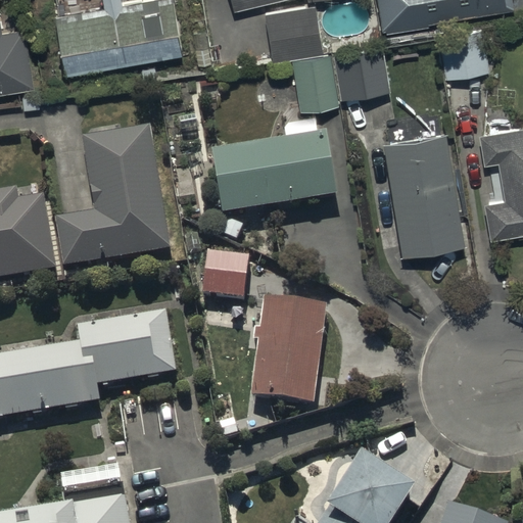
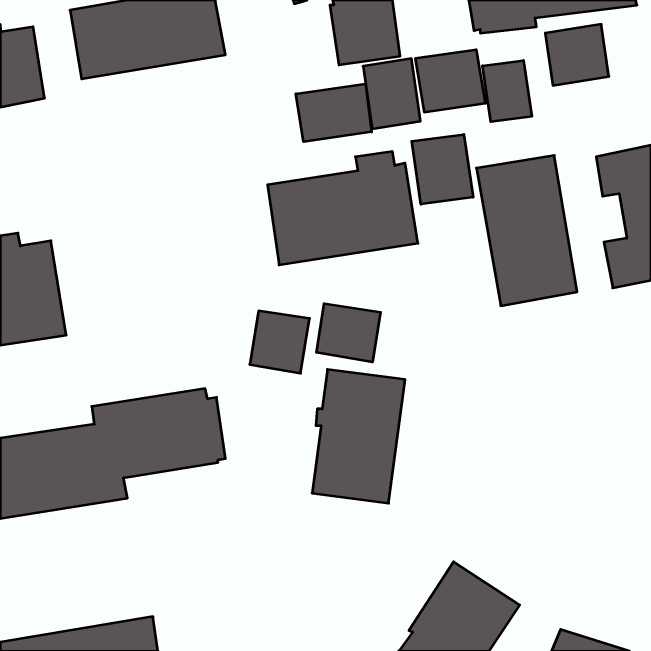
building: none -> [483,60,532,122]
building: none -> [296,84,372,142]
building: none -> [412,134,473,204]
building: [55,128,170,265] -> none
building: none -> [316,304,381,362]

